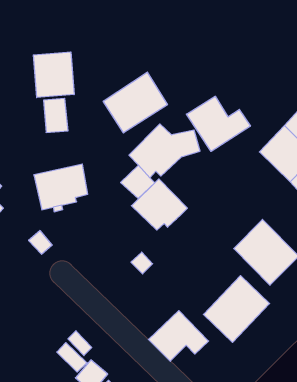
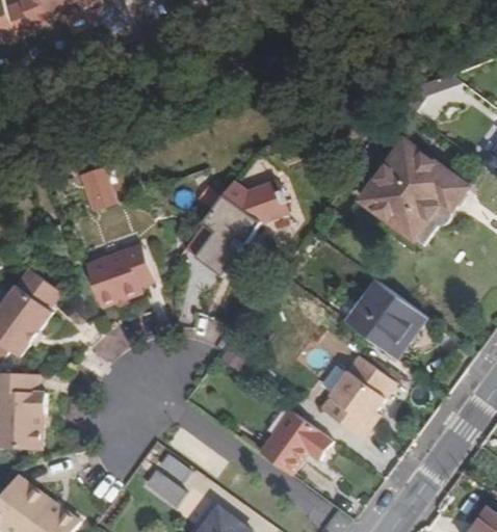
building: [33,52,74,98] -> none
building: [103,72,167,133] -> none
building: [186,96,250,151] -> none
building: [131,179,187,230] -> none

